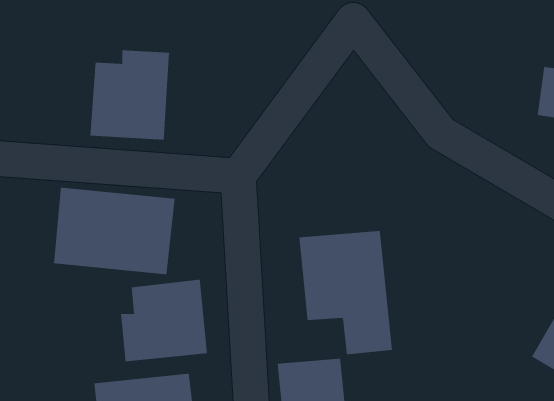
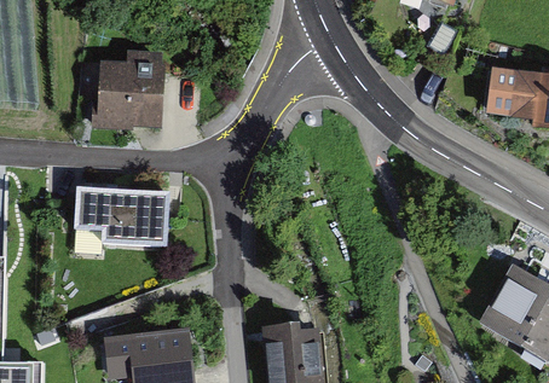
building: [299,230,392,355] -> none
building: [120,279,207,362] -> none

